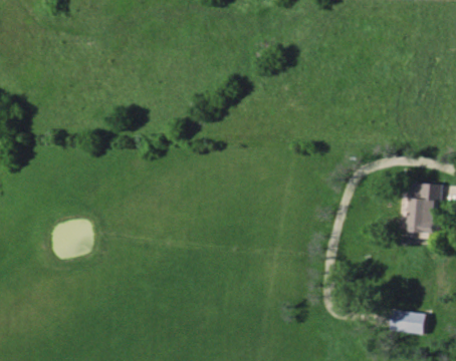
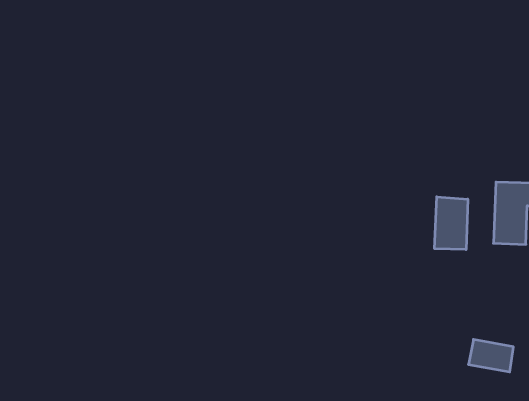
building: none -> [435,197,468,250]

